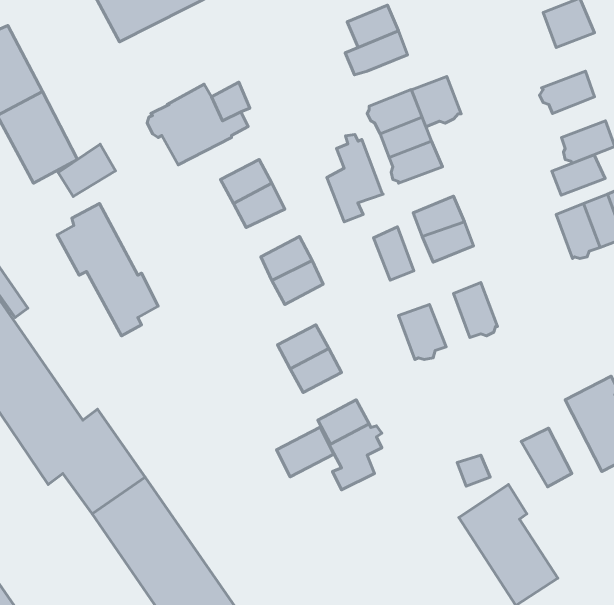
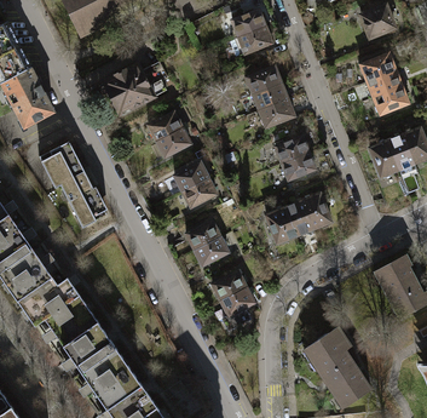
building: [412,77,461,127] -> none
building: [327,134,383,222] -> none
building: [58,144,116,196] -> none
building: [552,155,605,195] -> [367,71,402,98]
building: [374,227,414,280] -> [285,201,312,236]
building: [276,427,334,477] -> none
building: [521,428,572,487] -> none

